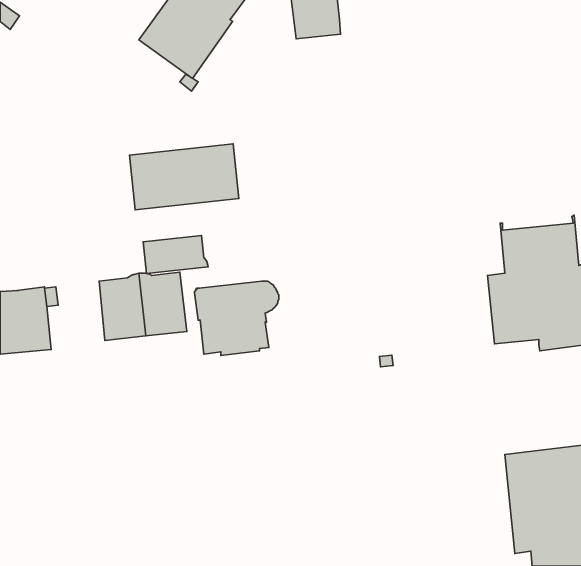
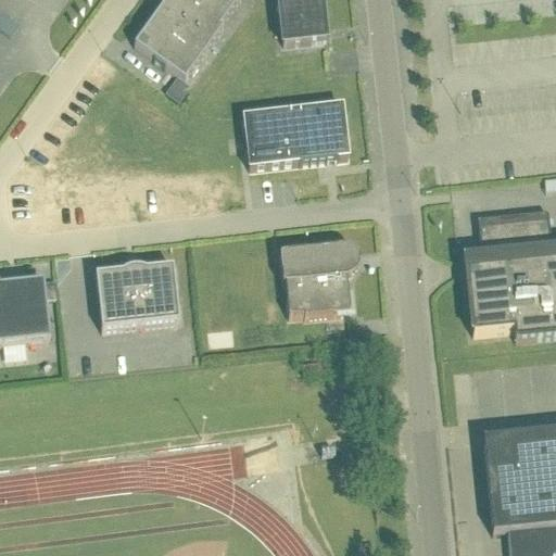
building: [130,144,239,210] -> [243,99,348,162]
building: [143,236,208,274] -> none
building: [195,281,279,355] -> [279,241,359,312]

